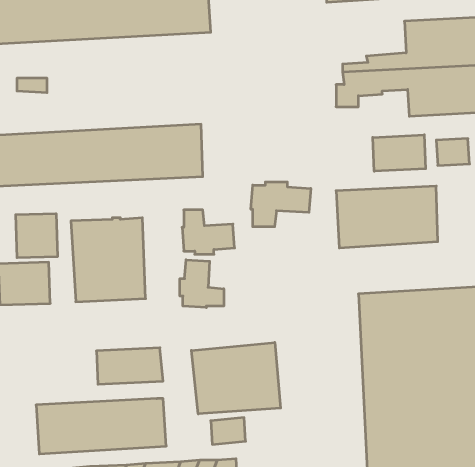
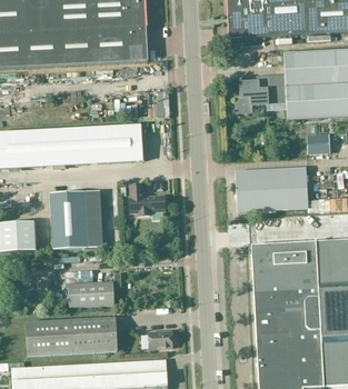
building: [373,135,426,171] -> none
building: [251,182,311,227] -> none
building: [16,214,57,258] -> none
building: [180,260,224,308] -> none
building: [191,342,281,414] -> none

